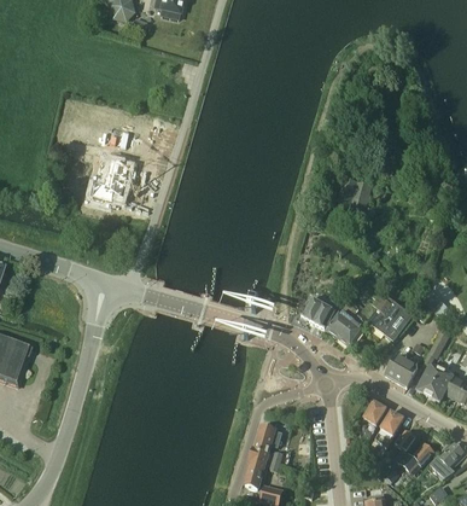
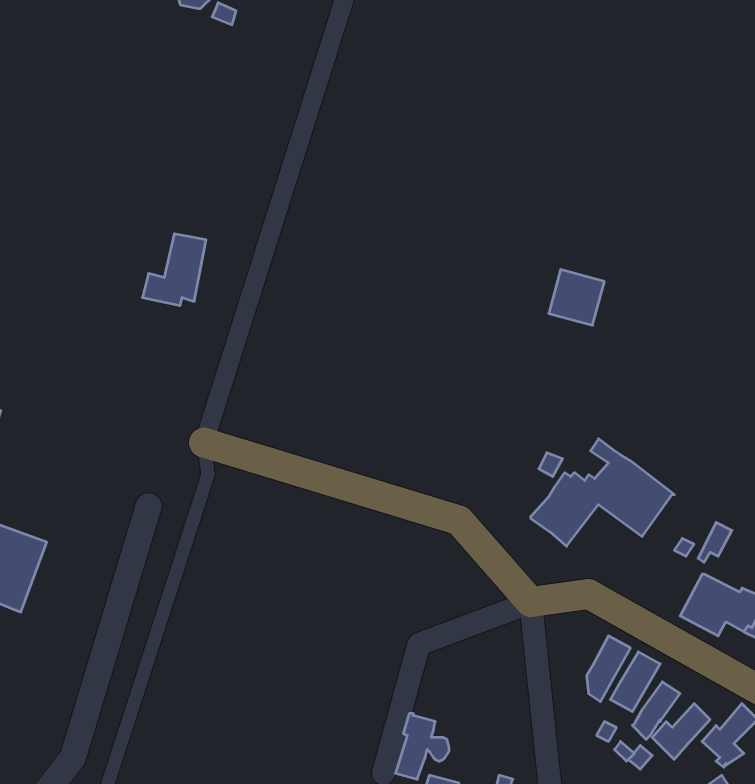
building: [302,296,335,328] -> none
building: [386,355,419,386] -> none
building: [256,425,285,463] -> none

